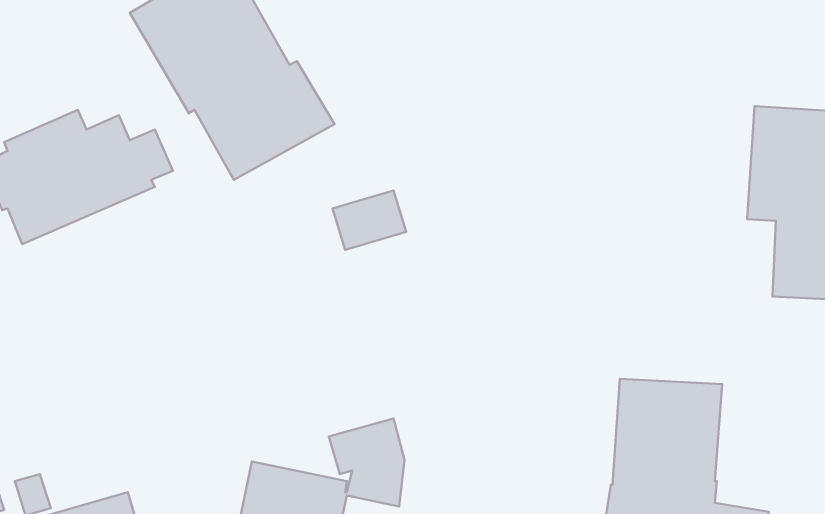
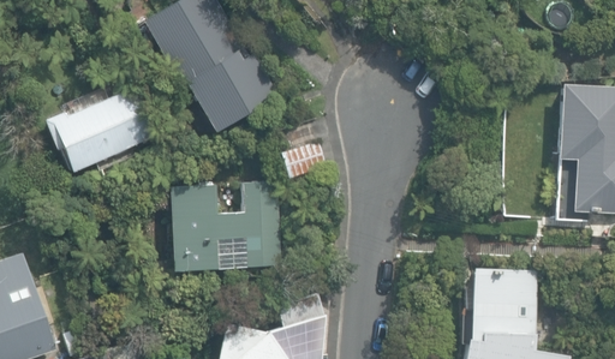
building: none -> [169,181,283,271]

